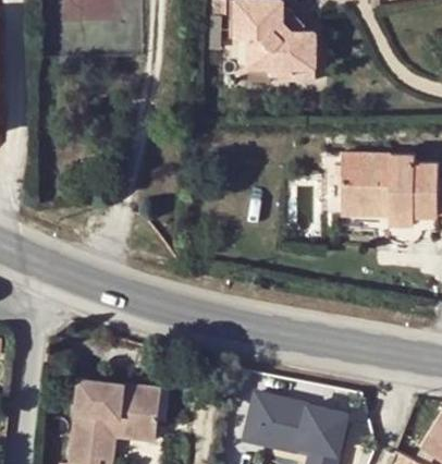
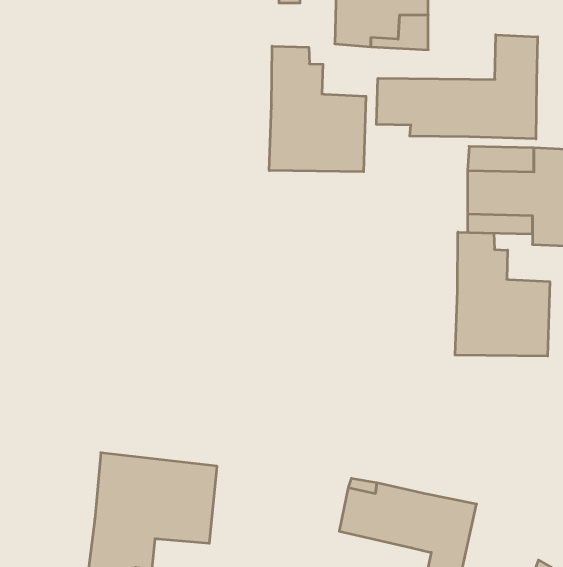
building: none -> [376,35,538,139]
building: none -> [269,46,366,172]
building: none -> [455,232,550,356]

